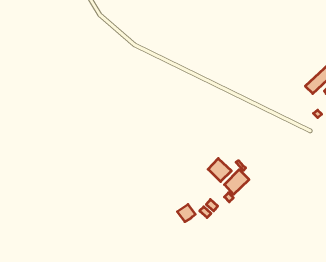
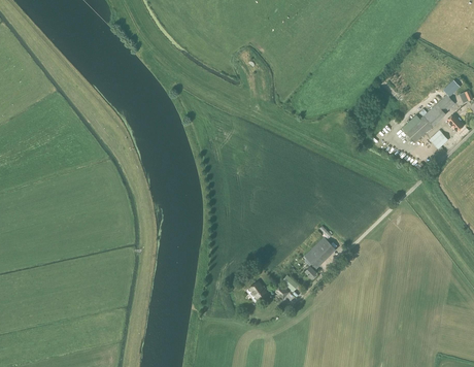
building: [208,158,231,182] -> none

